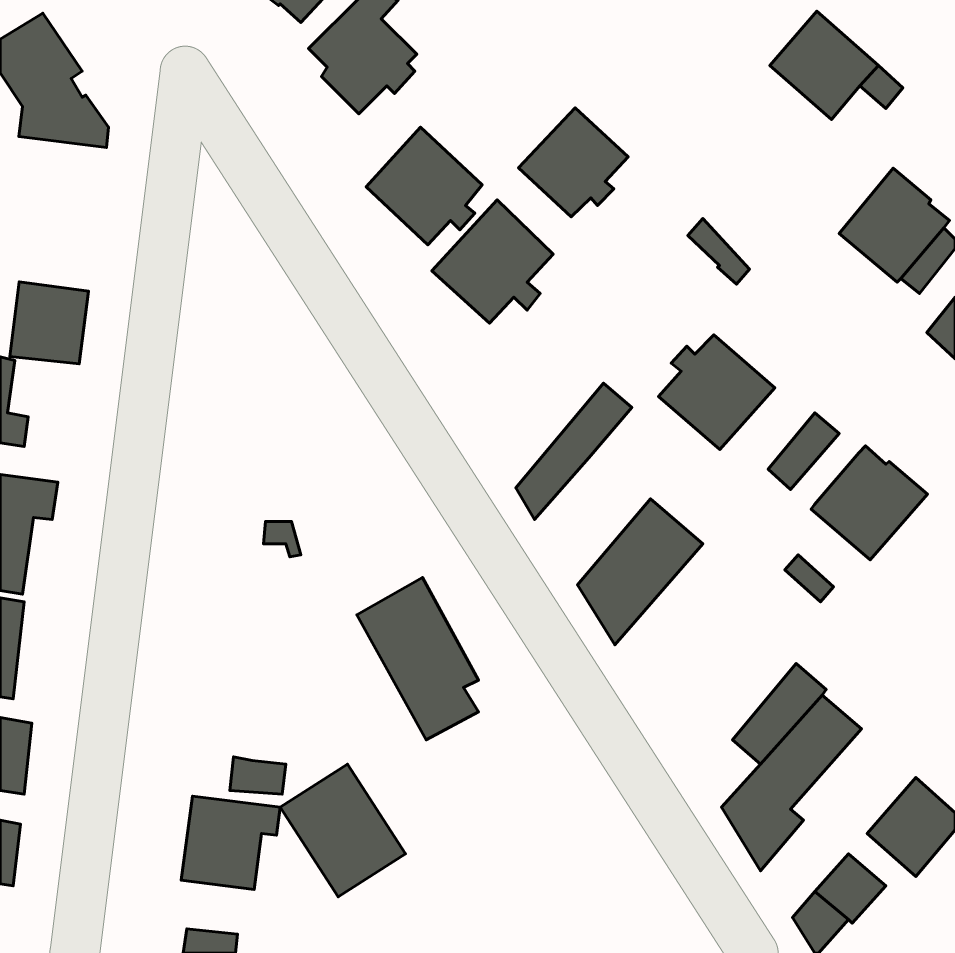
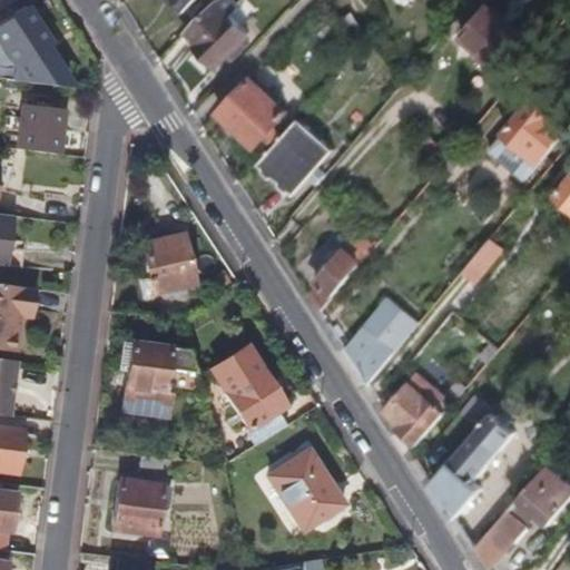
building: [518,108,628,217] -> none
building: [10,282,88,364] -> [14,102,61,151]
building: [659,335,775,449] -> none
building: none -> [138,234,191,292]
building: [811,446,928,560] -> none
building: none -> [112,336,198,410]
building: none -> [384,380,444,450]
building: [280,764,406,897] -> [266,449,341,528]

